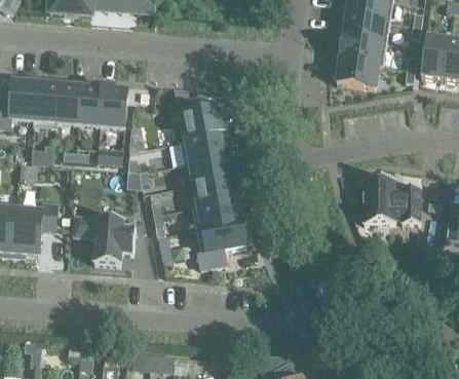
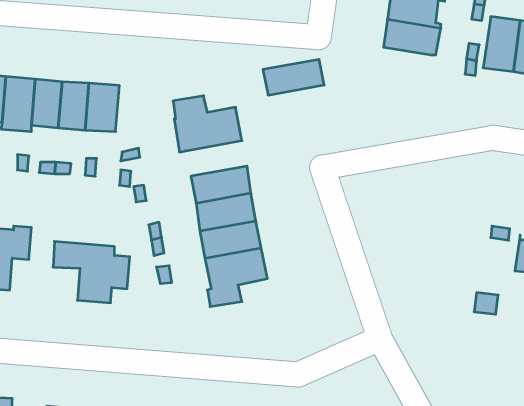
building: [335,60,378,88] -> none
building: [181,135,230,163] -> [263,59,324,95]
building: [364,178,420,223] -> none

